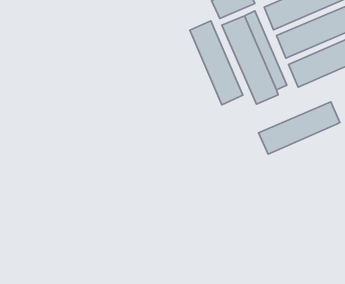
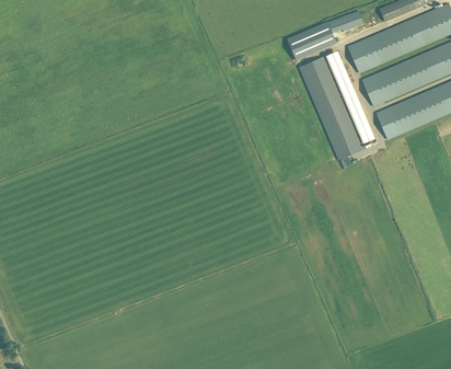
building: [190,21,243,105] -> none
building: [259,102,340,154] -> none

